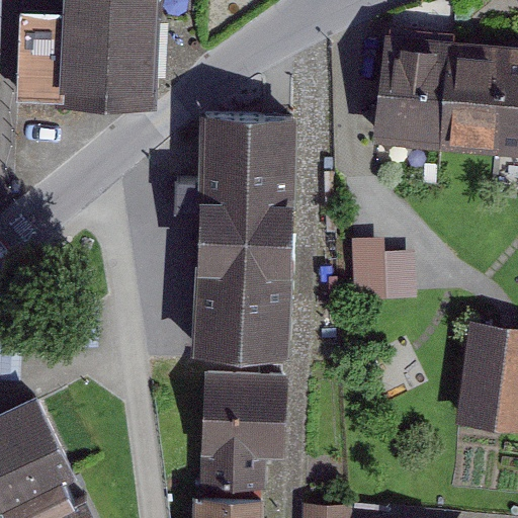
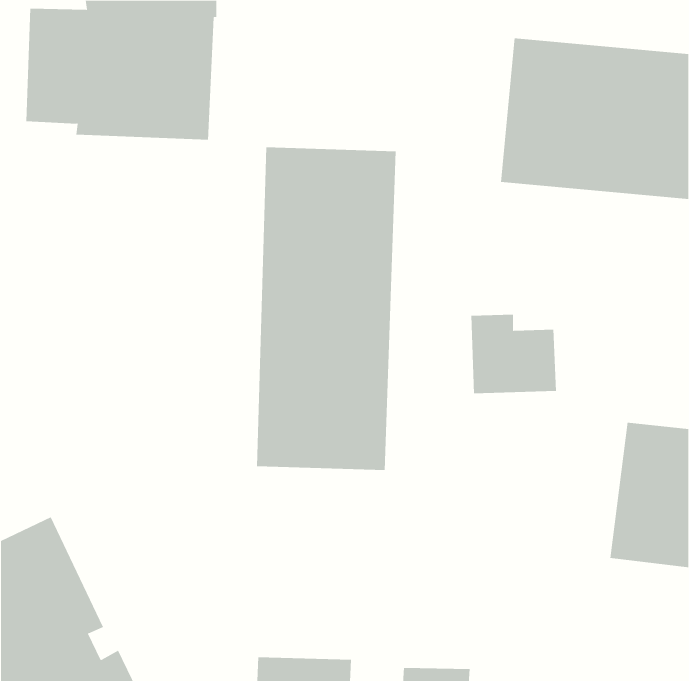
building: [200,372,290,493] -> none

